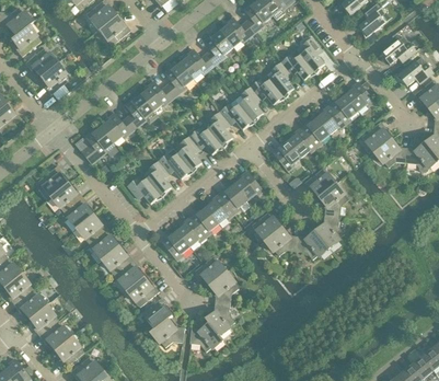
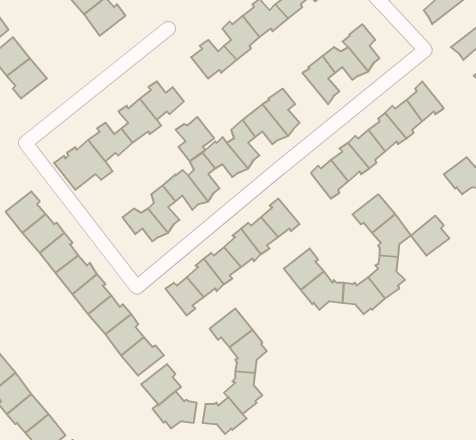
building: [163,62,193,96] -> [176,117,214,161]
building: [250,74,285,105] -> none
building: [361,122,391,152] -> [411,216,449,256]

